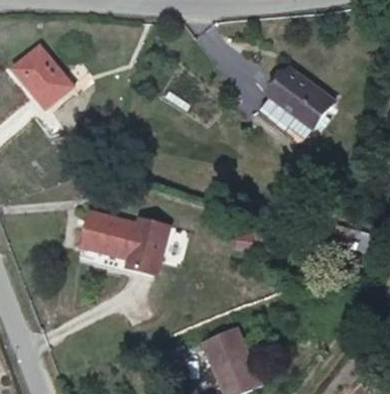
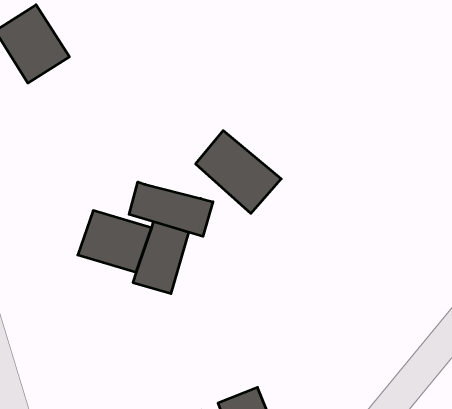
building: [267,68,335,131] -> [196,131,281,213]
building: none -> [129,182,213,236]

